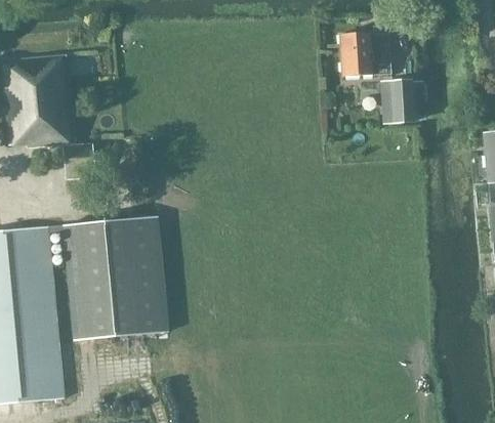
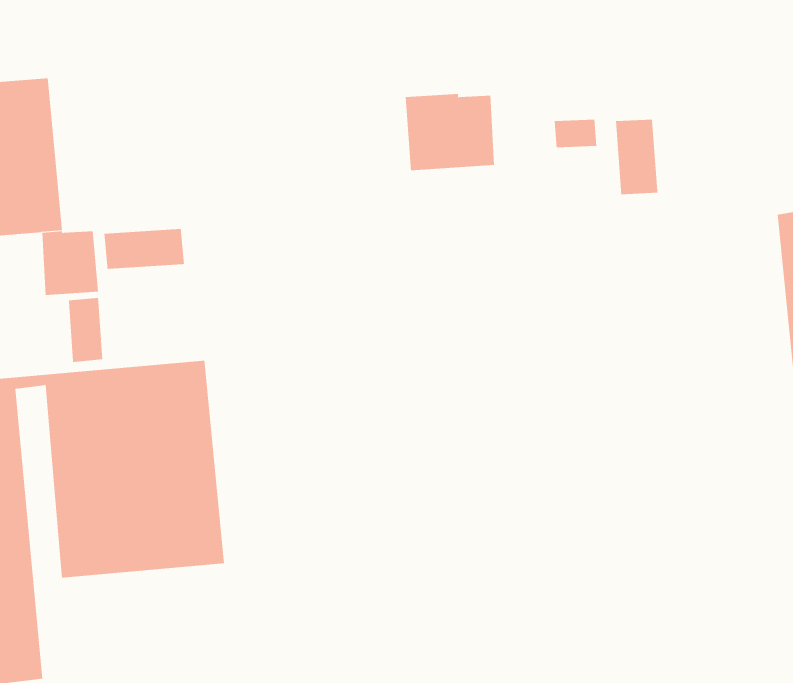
building: [339,32,390,76] -> [405,93,495,171]
building: none -> [104,228,184,270]
building: none -> [68,297,103,363]

